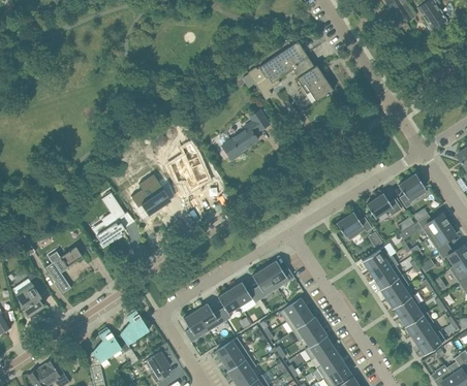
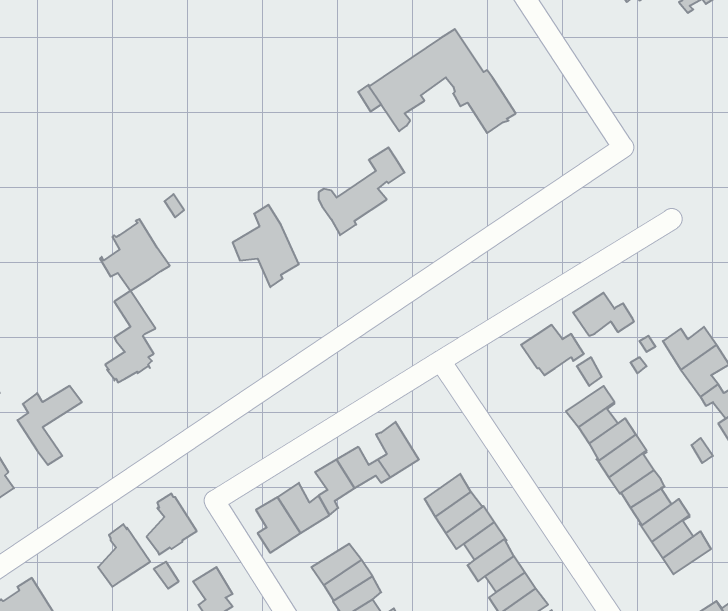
building: [131,173,172,215] -> [100,219,170,291]
building: [398,173,427,207] -> none
building: [263,260,294,289] -> none

